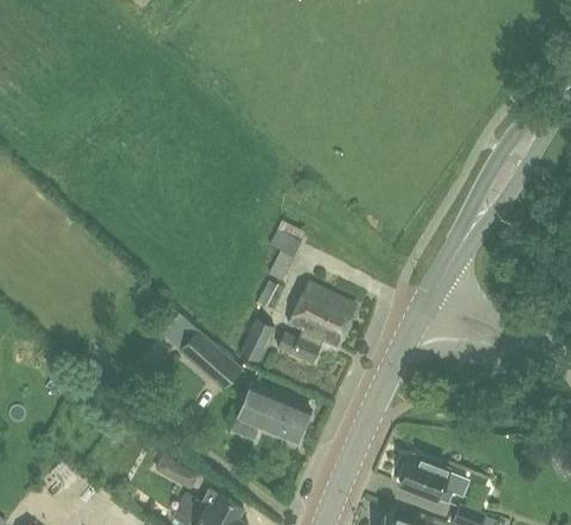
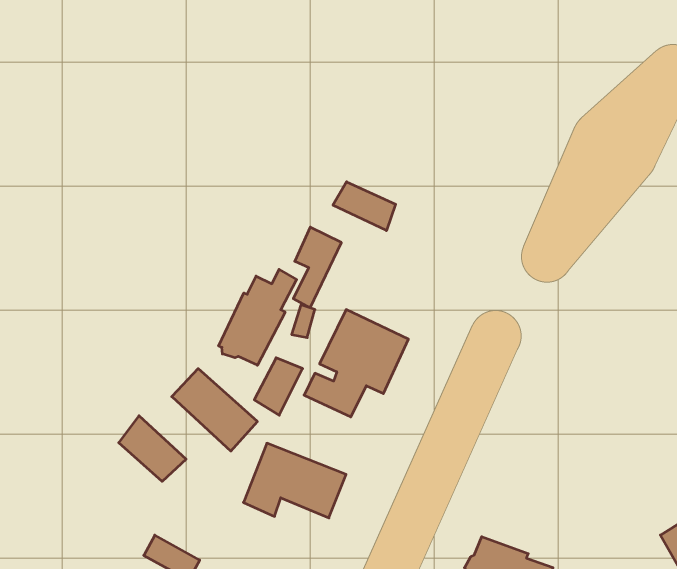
building: none -> [333,182,396,231]
building: none -> [219,269,297,365]
building: none -> [119,416,186,481]

